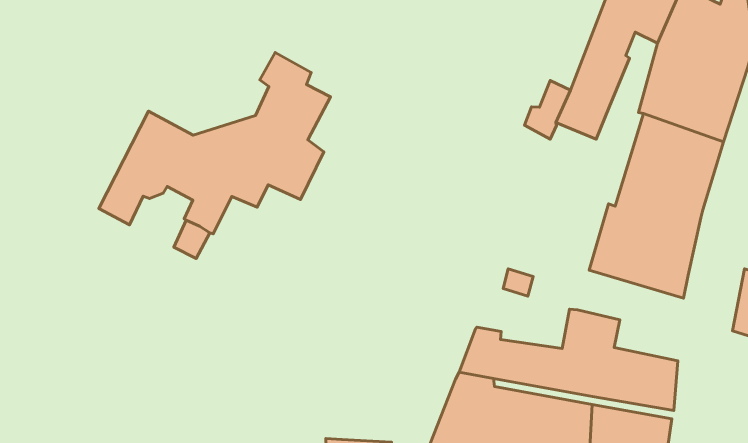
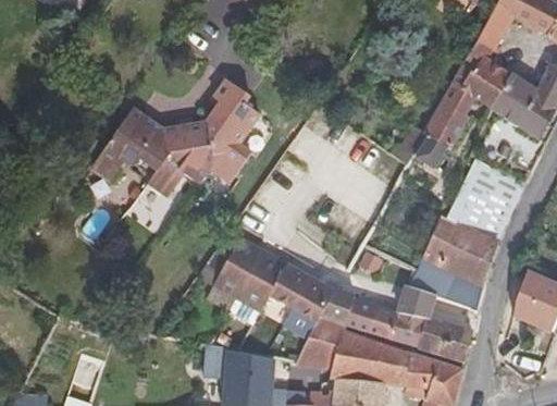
building: none -> [409,259,483,310]
building: none -> [198,235,337,323]

